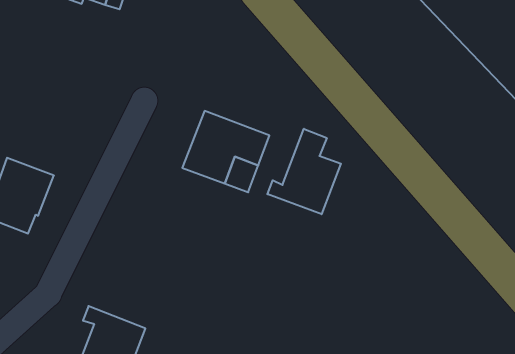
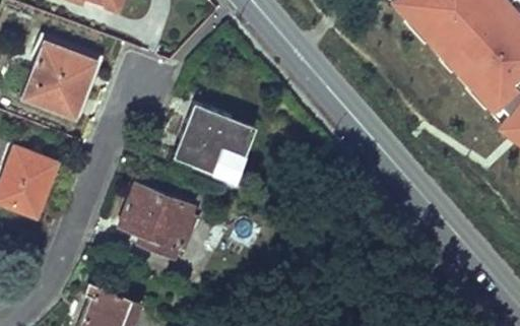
building: none -> [22,41,96,118]
building: [267,129,341,214] -> none
building: none -> [120,185,193,255]

